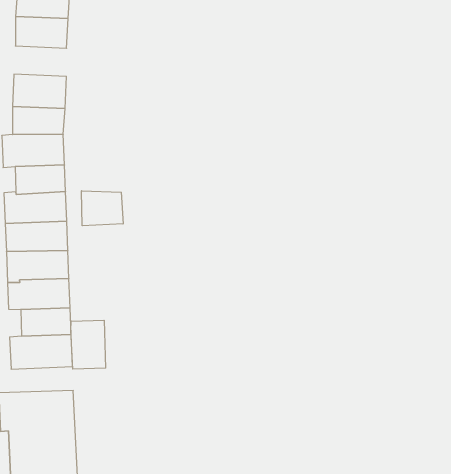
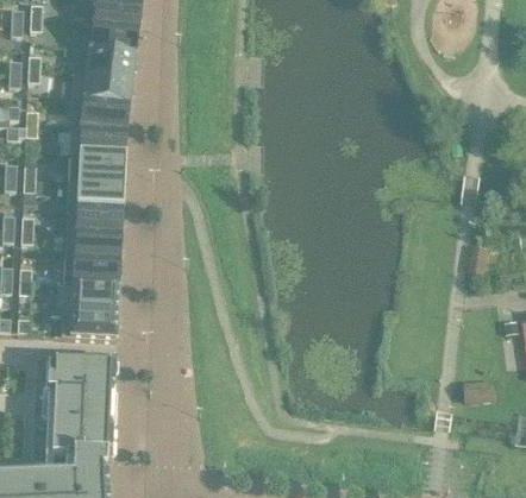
building: none -> [84,43,133,74]
building: [82,191,123,226] -> none
building: [71,320,106,369] -> none

